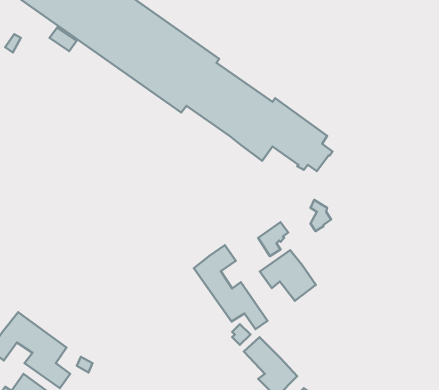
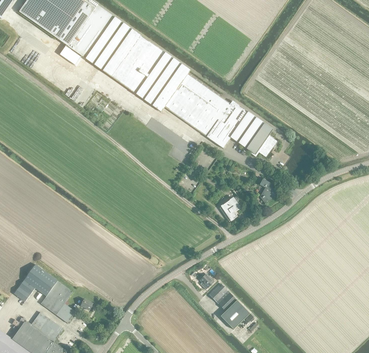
building: [194,245,267,329] -> none
building: [260,250,316,301] -> none

